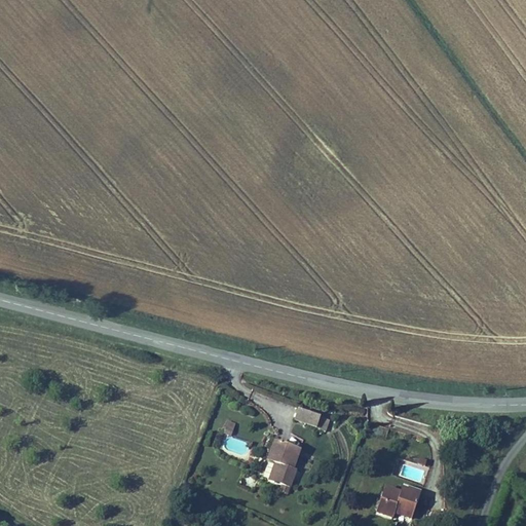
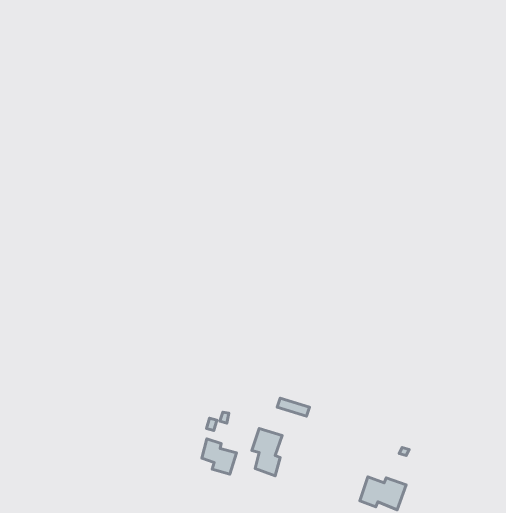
building: none -> [202,439,237,474]

